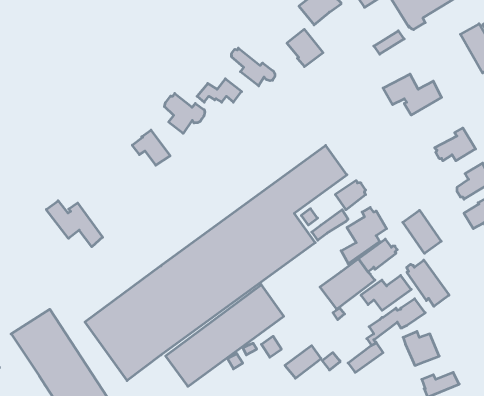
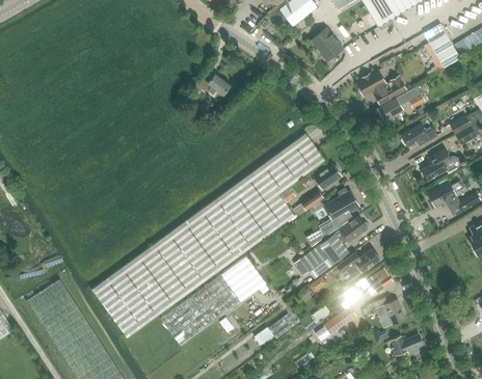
building: [287,29,323,67] -> [312,28,344,61]
building: [232,48,275,86] -> none
building: [164,93,205,133] -> none
building: none -> [378,87,425,120]
building: [132,130,170,165] -> none
building: [46,201,103,247] -> none
building: [403,210,441,253] -> none
building: [407,260,449,306] -> none

